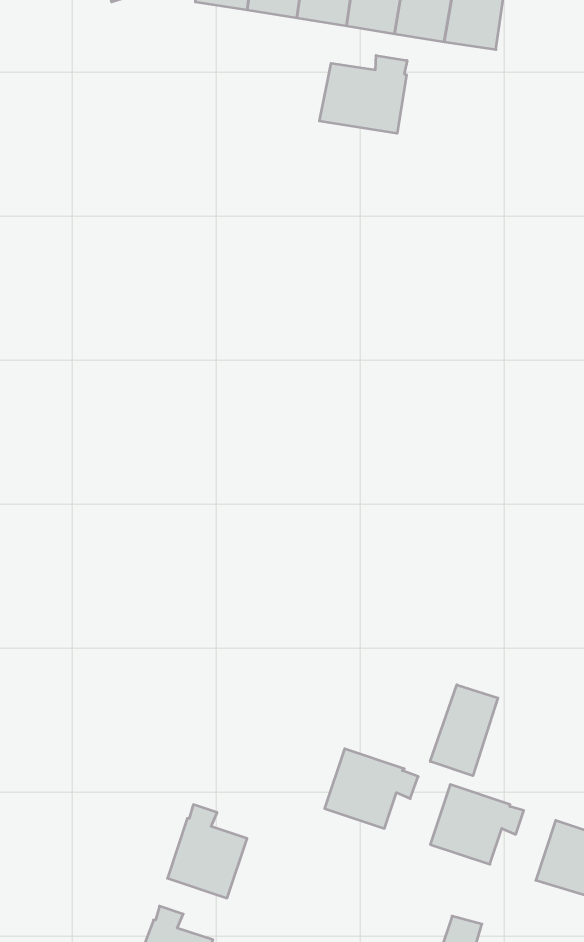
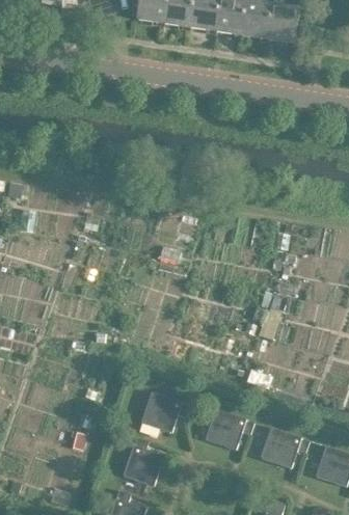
building: [319,55,407,133] -> none
building: [430,685,498,776] -> none
building: none -> [139,389,188,430]

